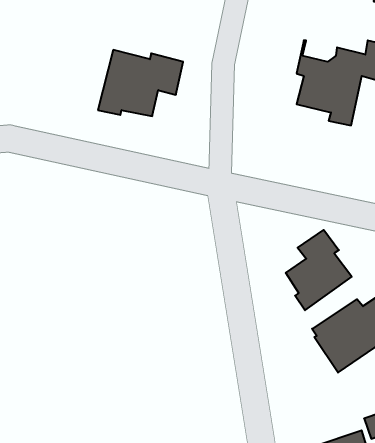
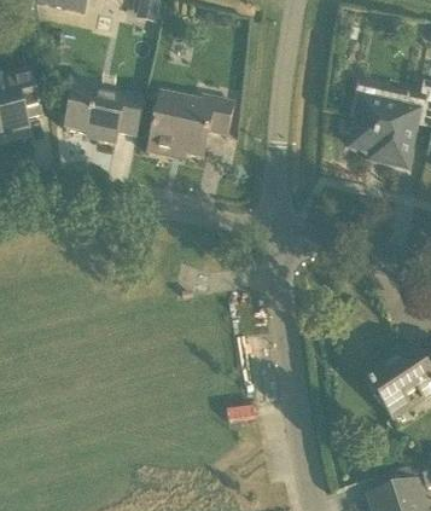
building: none -> [64,88,144,144]
building: [286,230,352,310] -> none

